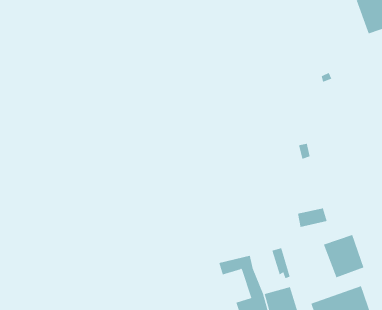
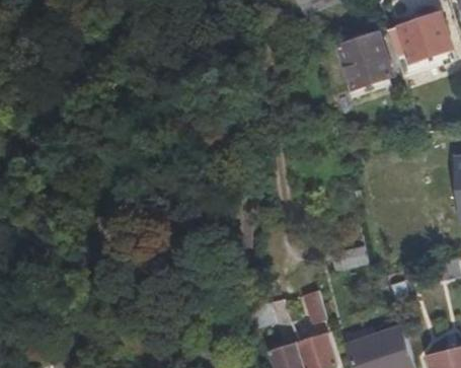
building: none -> [337,32,391,87]
building: [323,234,364,278] -> none

